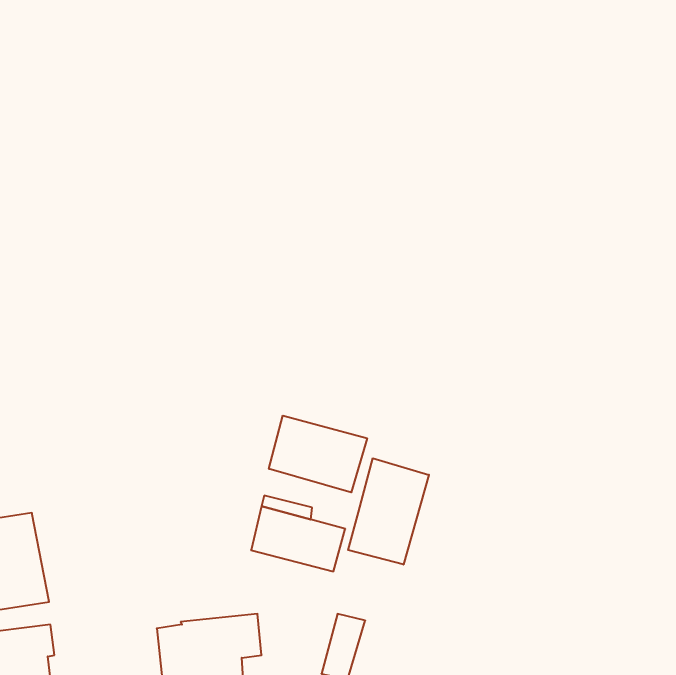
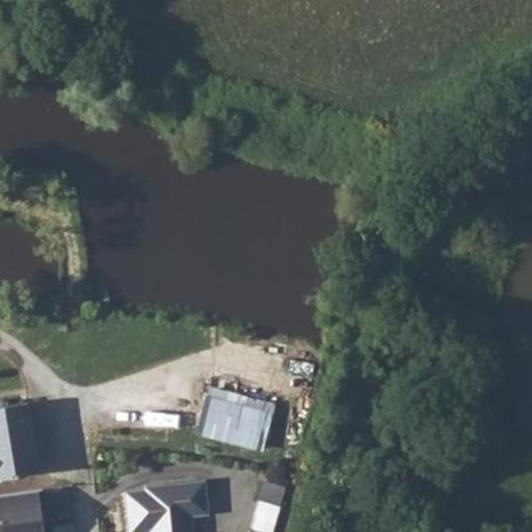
building: [269,416,367,492] -> none
building: [348,458,429,565] -> none

